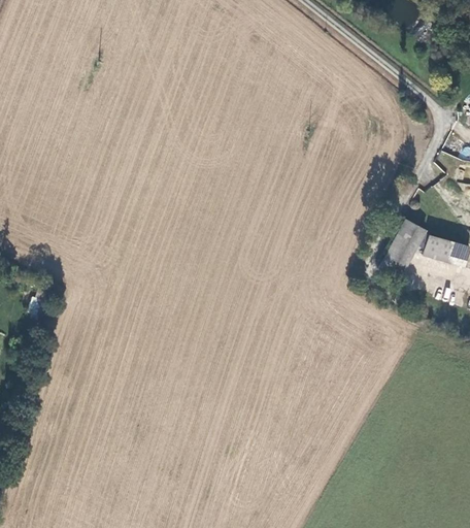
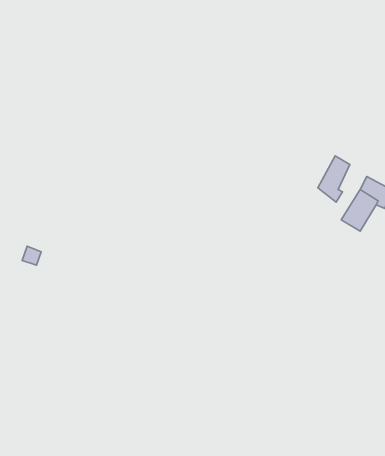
building: none -> [318,156,350,202]

